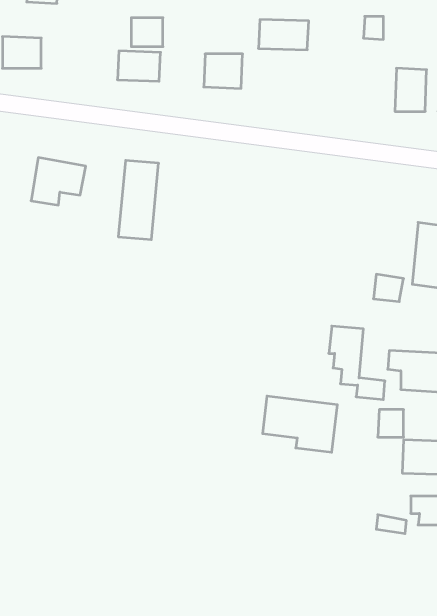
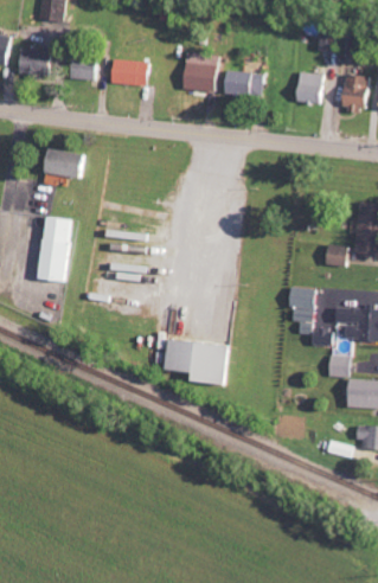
building: [131,18,163,47] -> [71,56,97,79]
building: [258,20,309,50] -> [222,71,263,96]
building: none -> [295,73,322,103]
building: [118,160,159,240] -> [38,217,71,282]
building: [263,396,337,452] -> [166,339,228,385]

